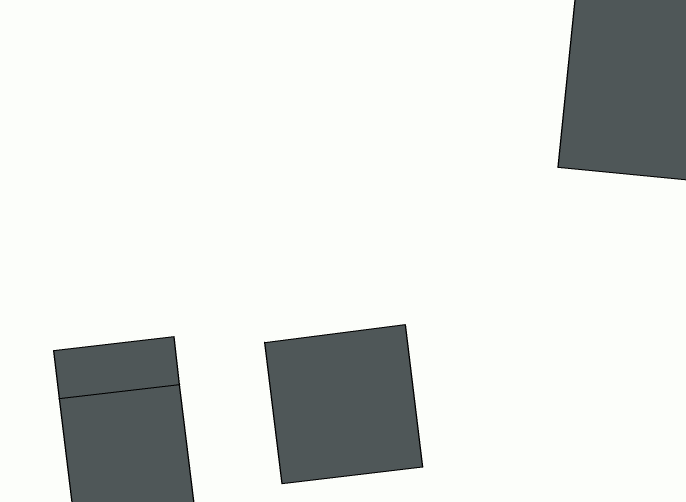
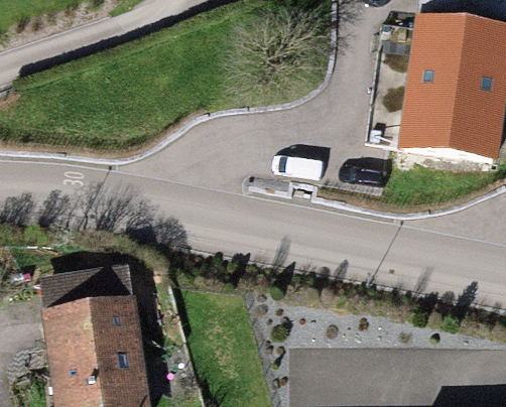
building: [265,325,423,484] -> none

